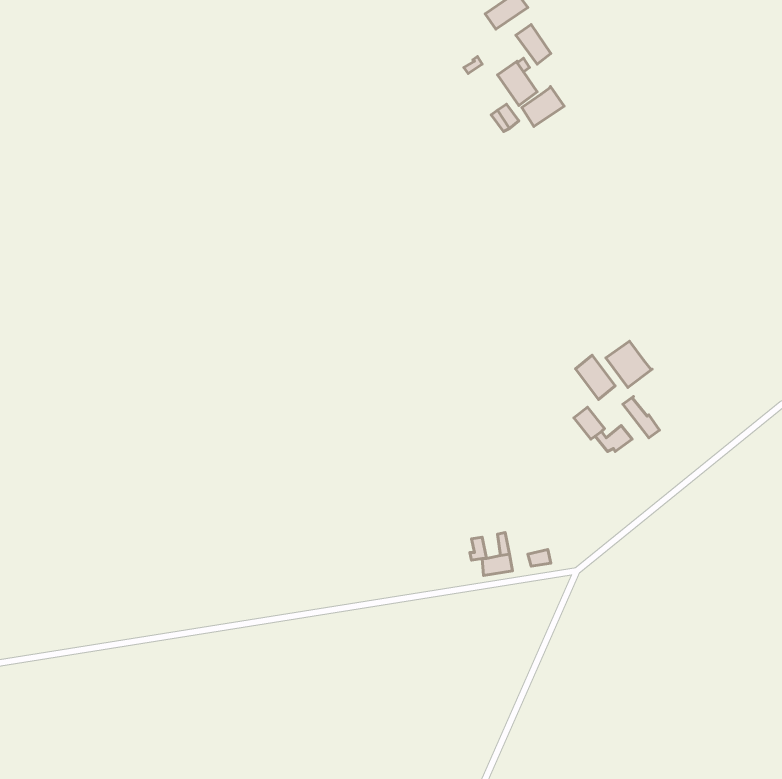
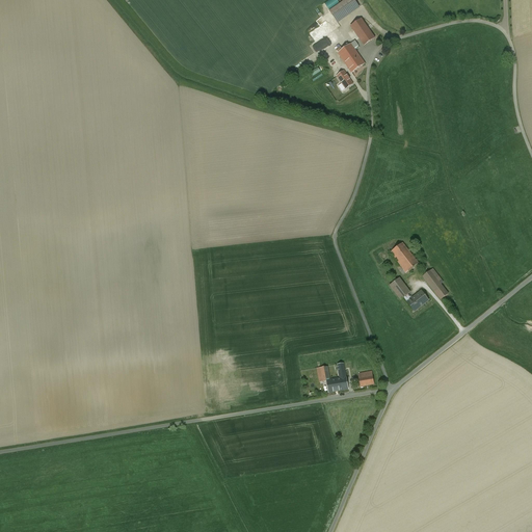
building: [522,86,564,127] -> none
building: [606,341,652,388] -> none

